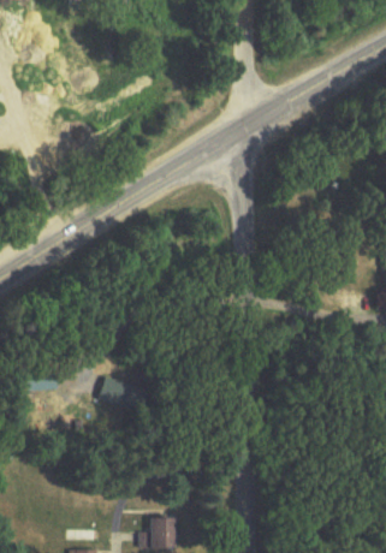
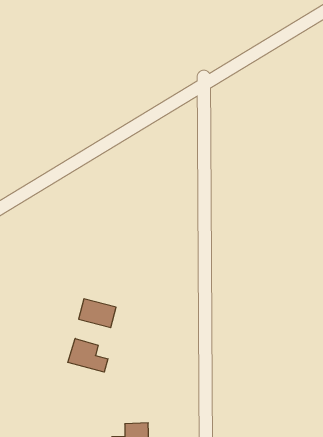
building: none -> [68,338,108,372]

